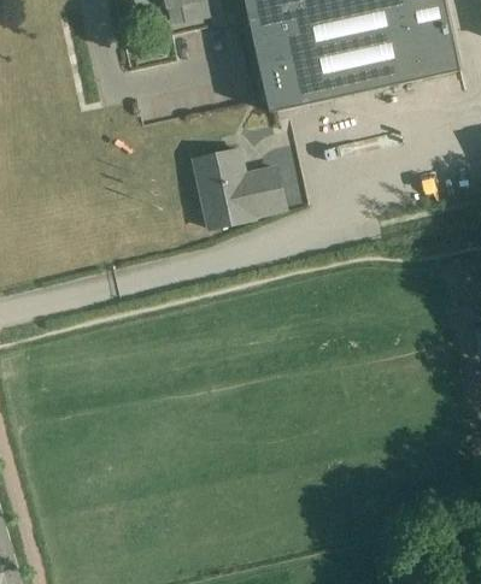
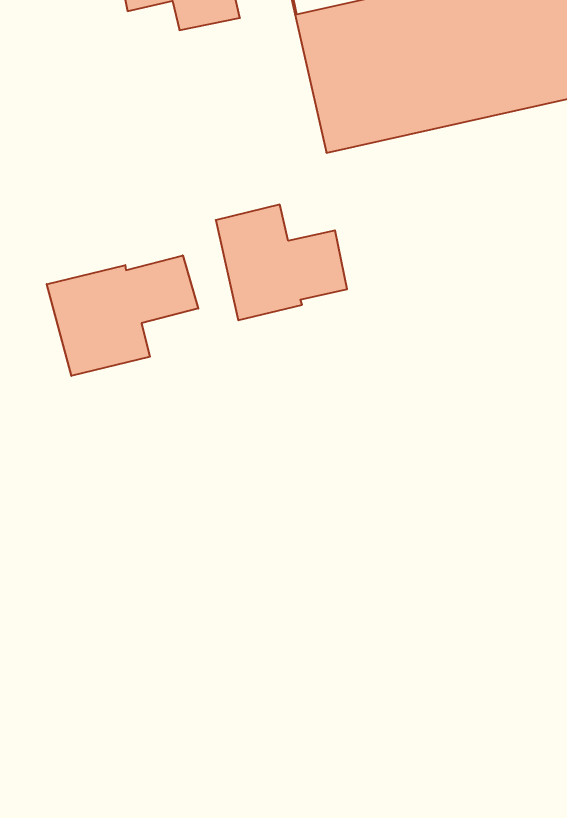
building: none -> [47,255,198,376]

